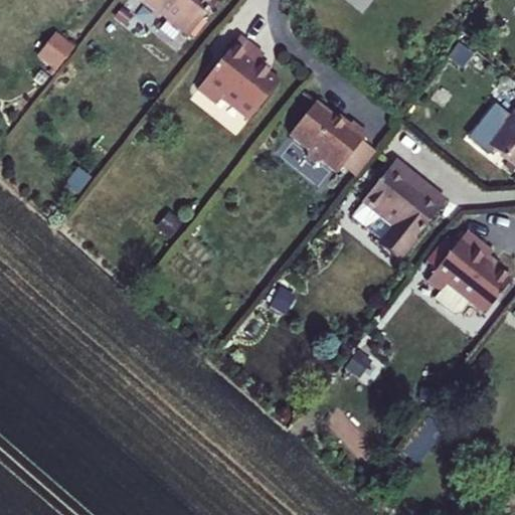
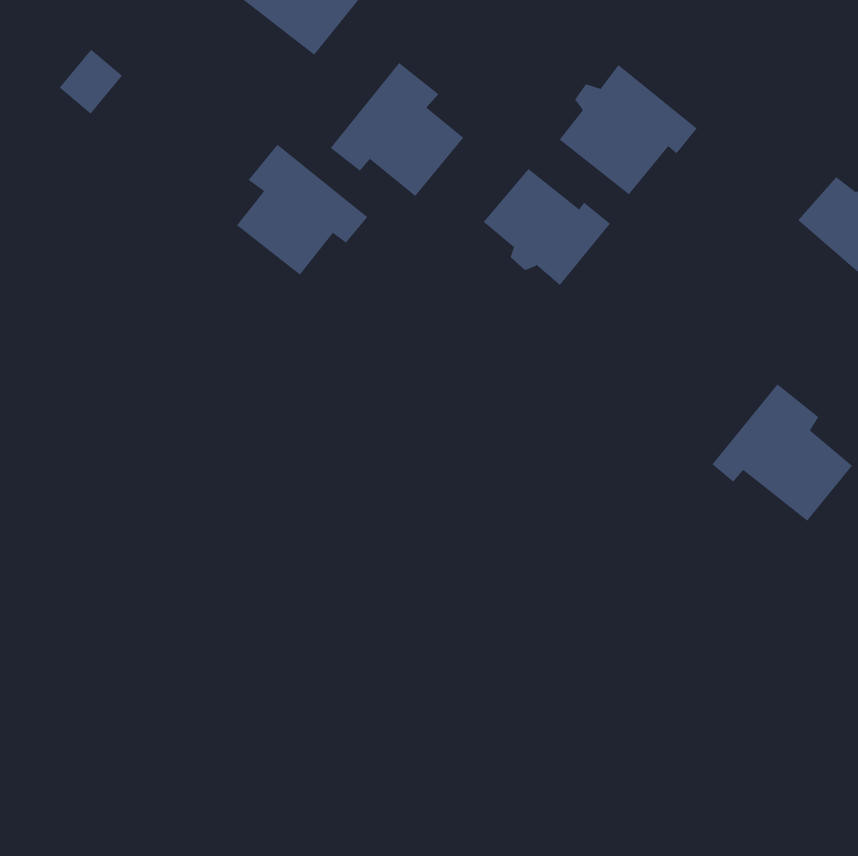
building: none -> [559,64,697,195]
building: none -> [236,144,368,275]
building: [362,159,440,254] -> none

